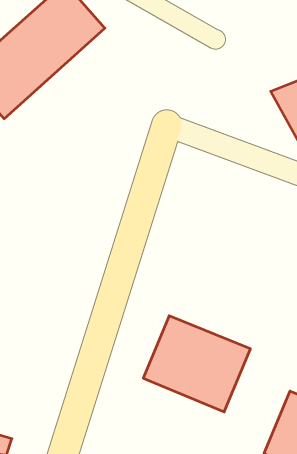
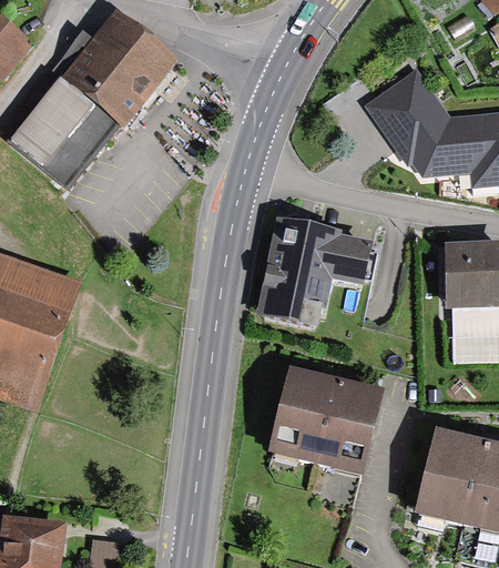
building: none -> [257,220,365,329]

